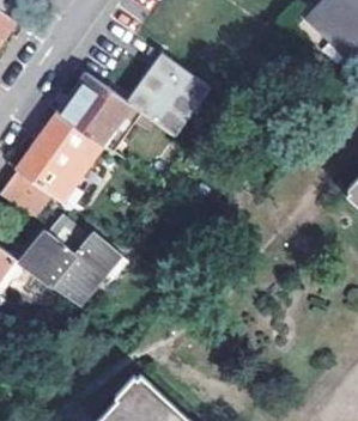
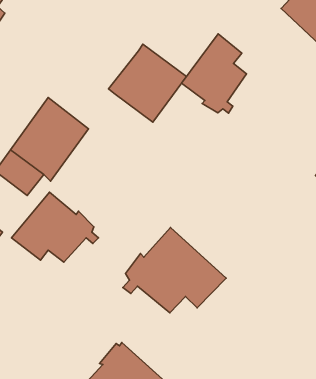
building: none -> [181,34,247,113]
building: [59,75,129,147] -> none
building: none -> [123,228,226,313]

